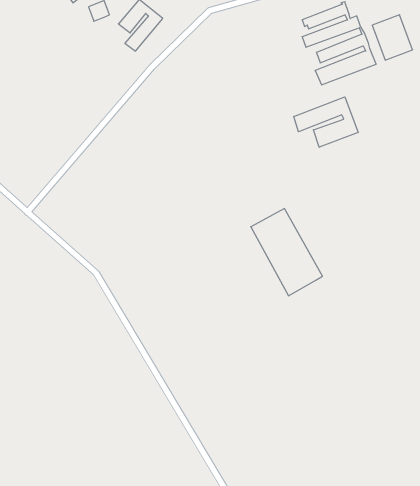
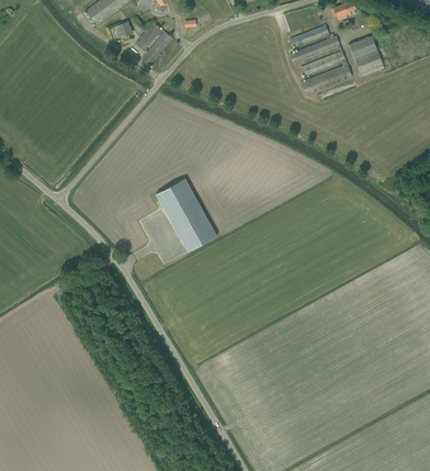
building: [294,97,358,147] -> none
building: [251,209,322,296] -> [156,178,216,251]

